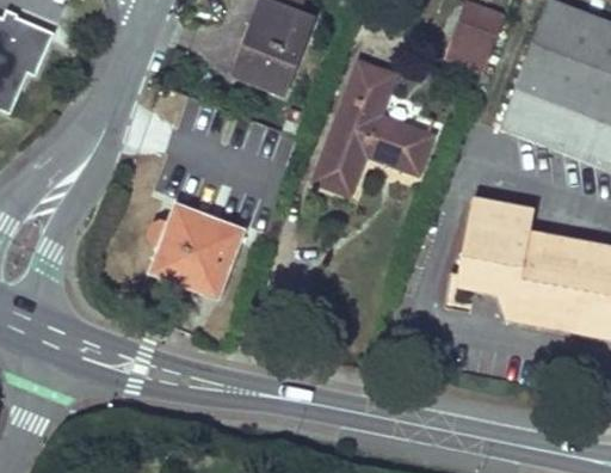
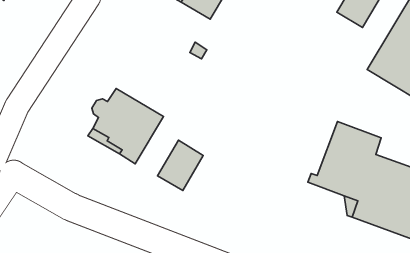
building: [315,62,431,192] -> none
building: none -> [158,140,203,190]

